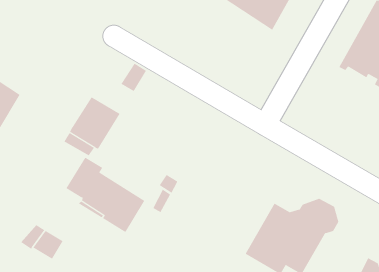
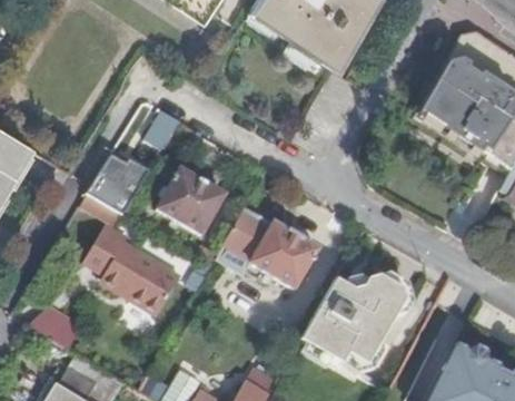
building: none -> [159,169,227,235]
building: none -> [226,208,319,288]

